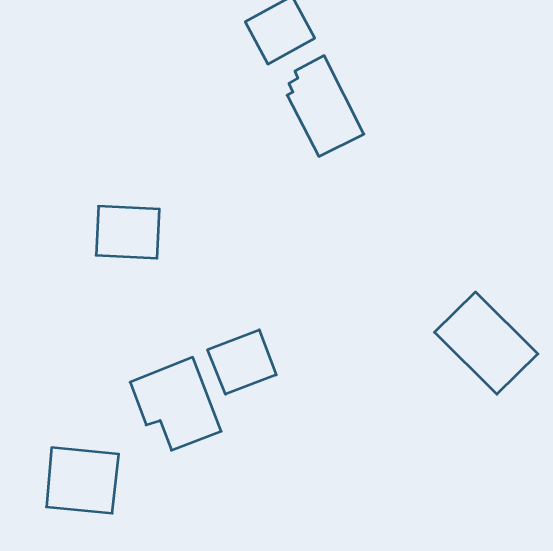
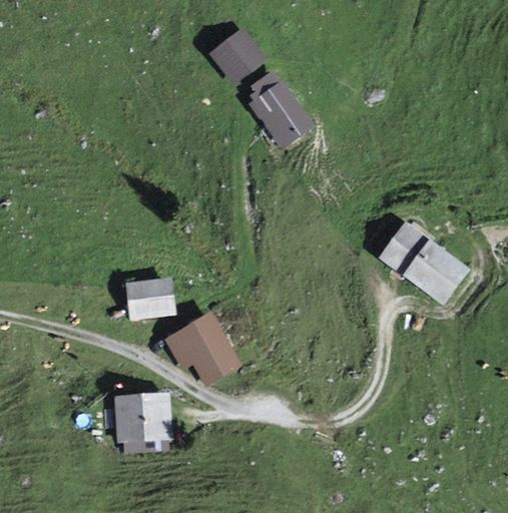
building: [96,206,159,258] -> [126,278,176,320]
building: [208,330,276,394] -> none

